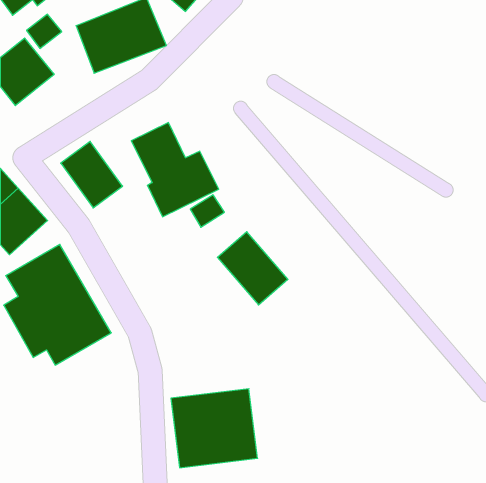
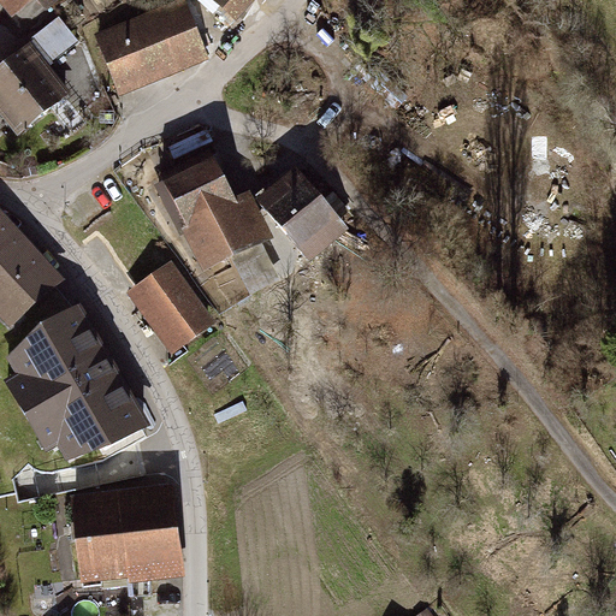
building: [61,141,123,208] -> [132,262,211,346]
building: [217,232,288,305] -> [259,165,348,257]
building: [171,389,258,468] -> [72,485,182,585]

